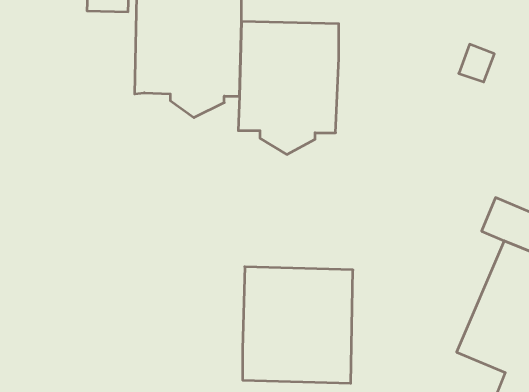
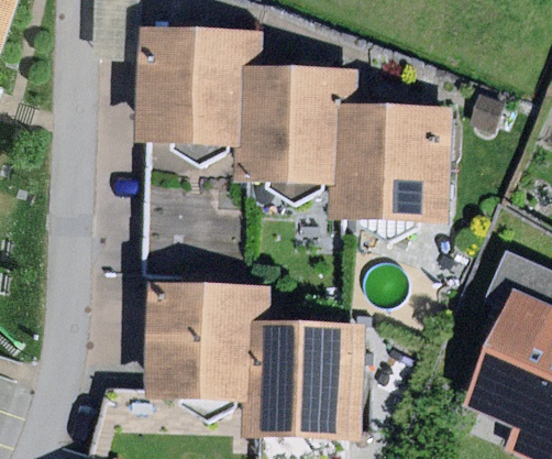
building: none -> [343,106,453,240]
building: none -> [144,281,252,402]

